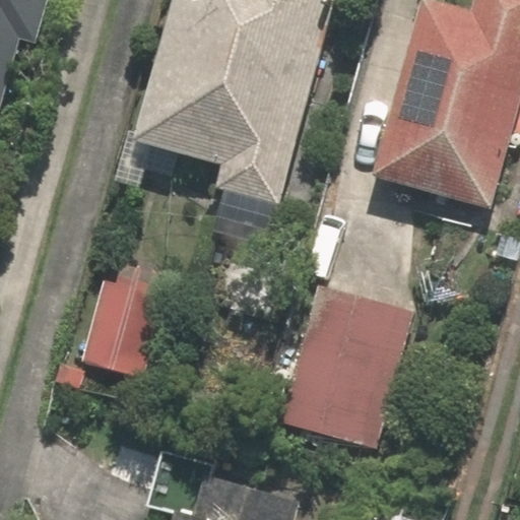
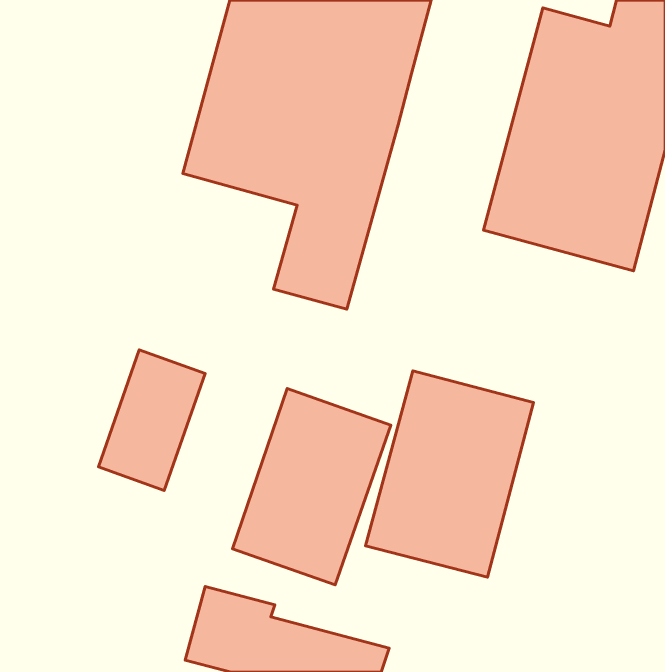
building: none -> [233,389,391,585]

